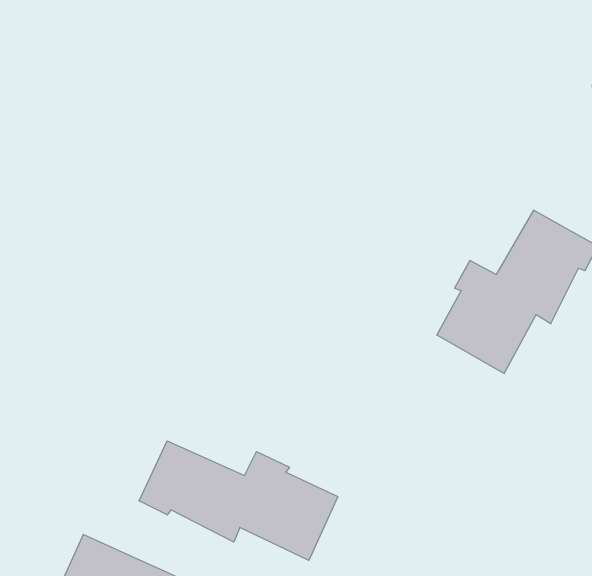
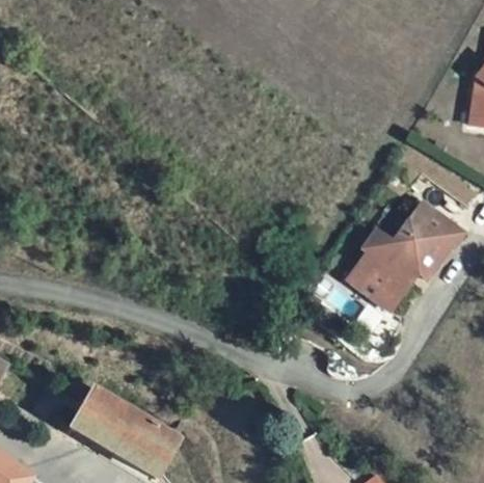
building: [139,441,338,560] -> none

